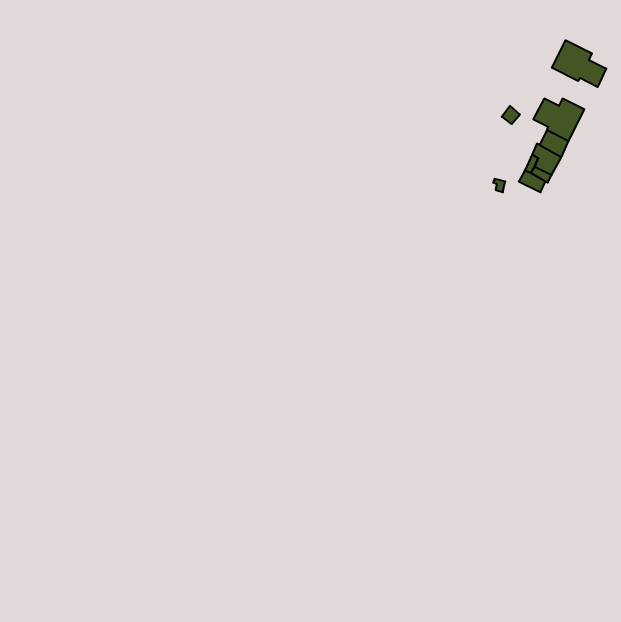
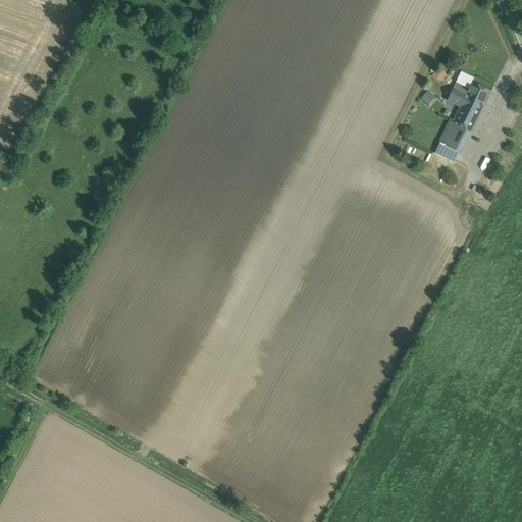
building: [552,40,606,87] -> none

